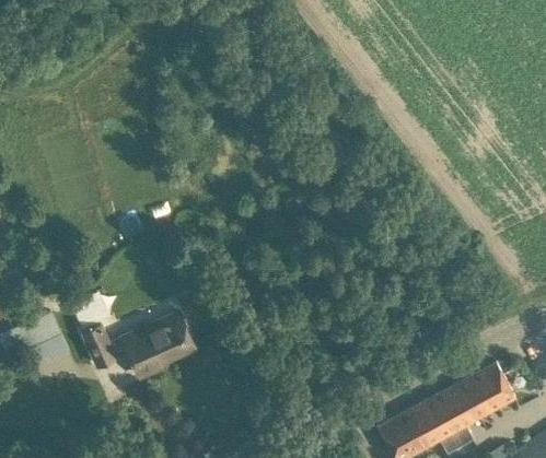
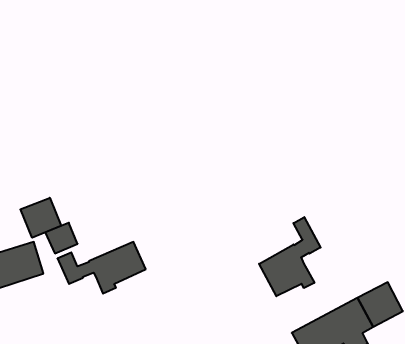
building: none -> [20,198,61,238]
building: none -> [259,217,321,296]

